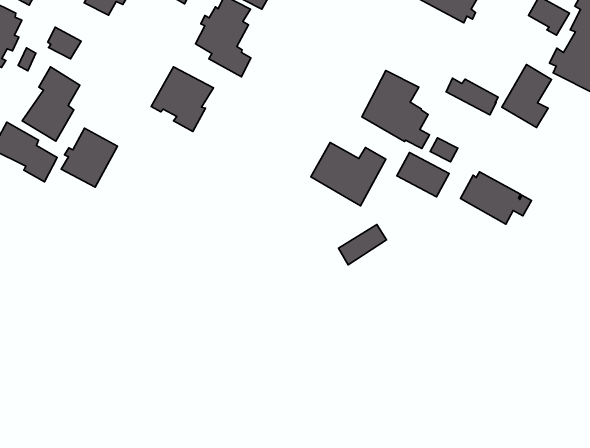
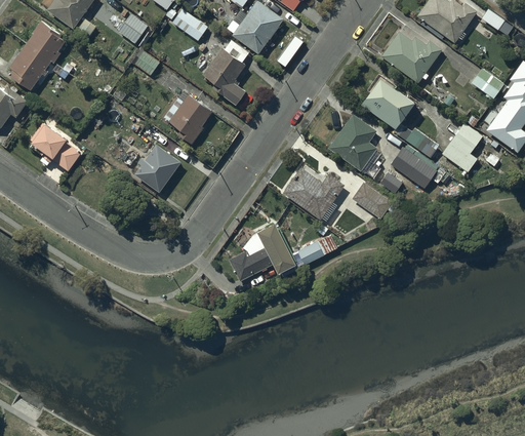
building: none -> [359,73,414,128]
building: [48,27,81,59] -> [133,49,160,76]
building: [22,67,80,141] -> none
building: [61,128,117,187] -> [133,144,180,192]
building: [461,172,531,224] -> [390,146,446,190]
building: none -> [228,220,295,281]

